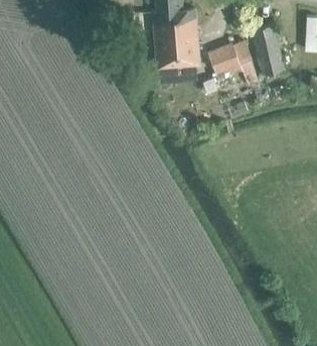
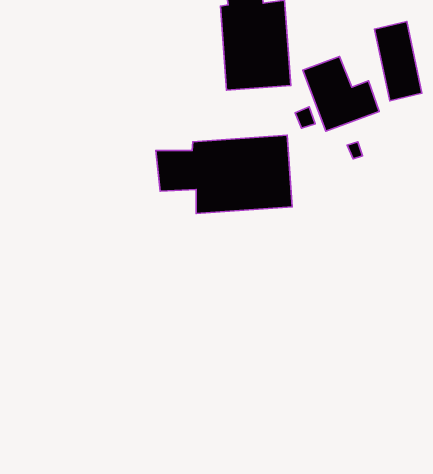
building: none -> [156,135,292,214]

